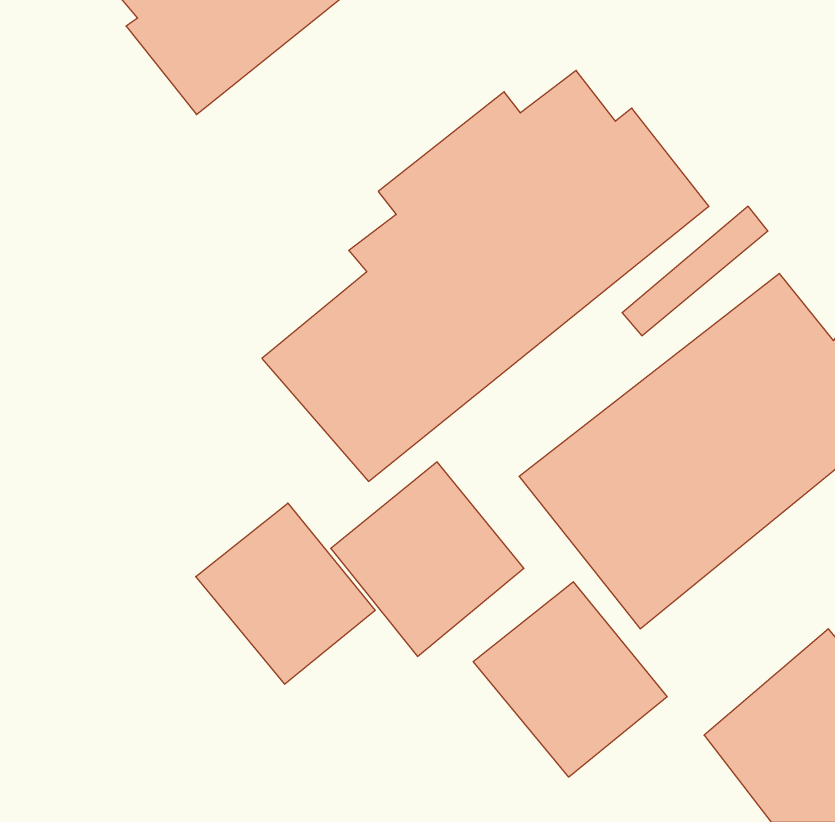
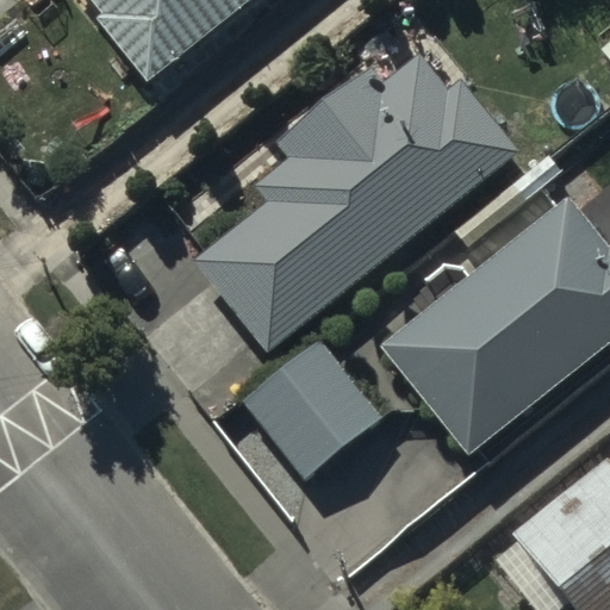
building: [196,503,375,684] -> none
building: [473,582,667,777] -> none

